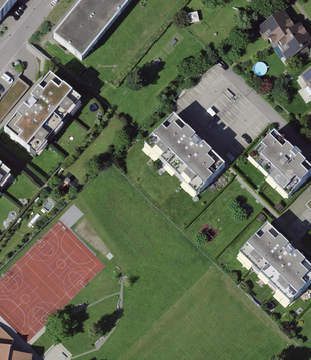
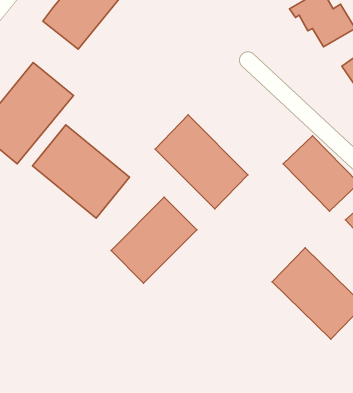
building: none -> [33,125,129,218]
building: none -> [111,197,197,283]

